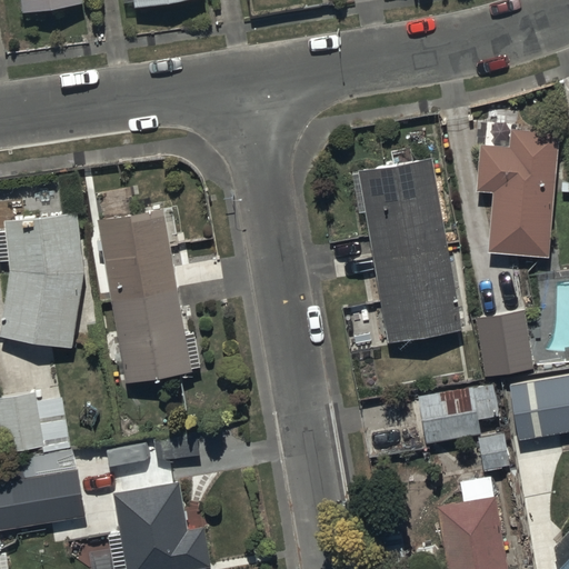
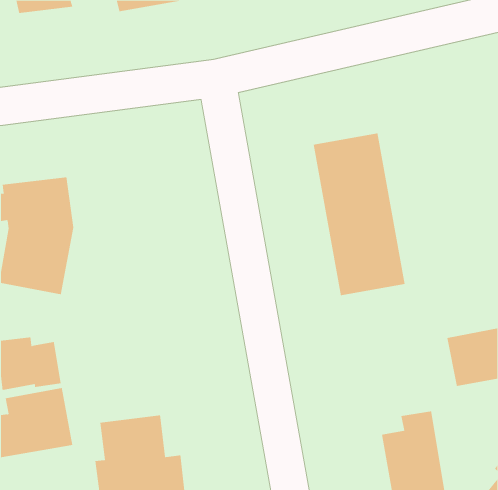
building: [473,130,556,257] -> none
building: [98,207,199,382] -> none
building: [478,319,533,380] -> none
building: [419,386,499,440] -> none

